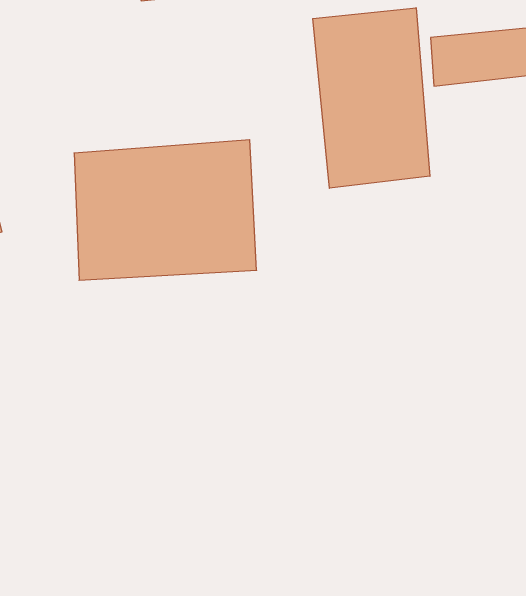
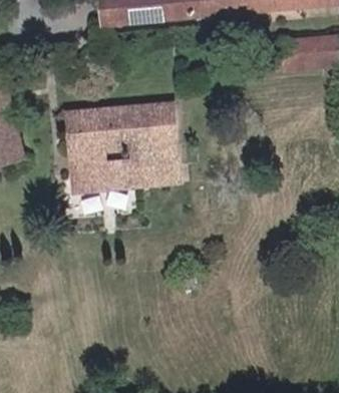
building: [313,8,430,188] -> none

